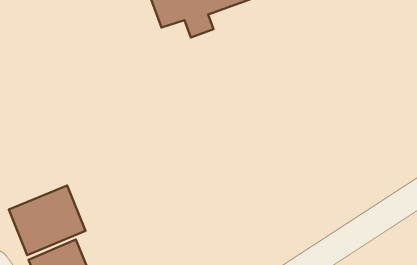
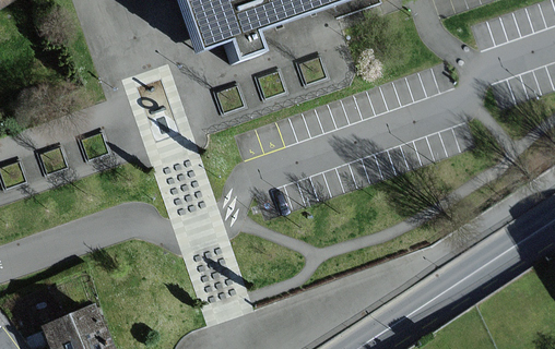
building: [9,186,86,255] -> none

